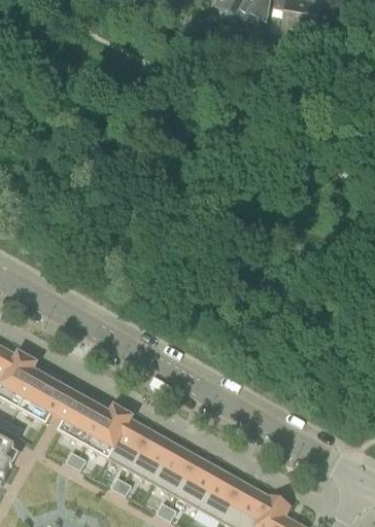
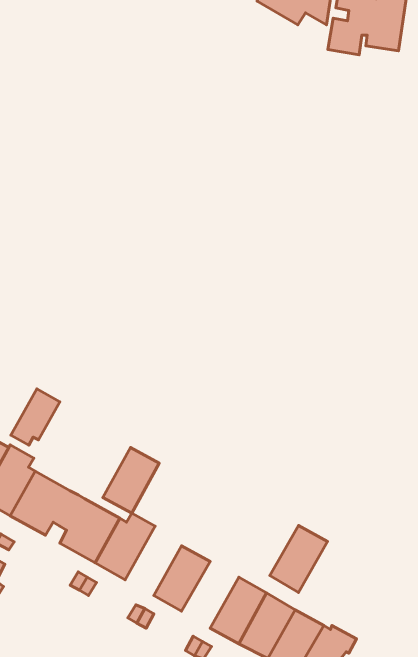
building: none -> [11,389,60,445]
building: [107,417,151,468] -> [103,448,159,513]
building: [151,442,197,494] -> [270,526,327,592]

